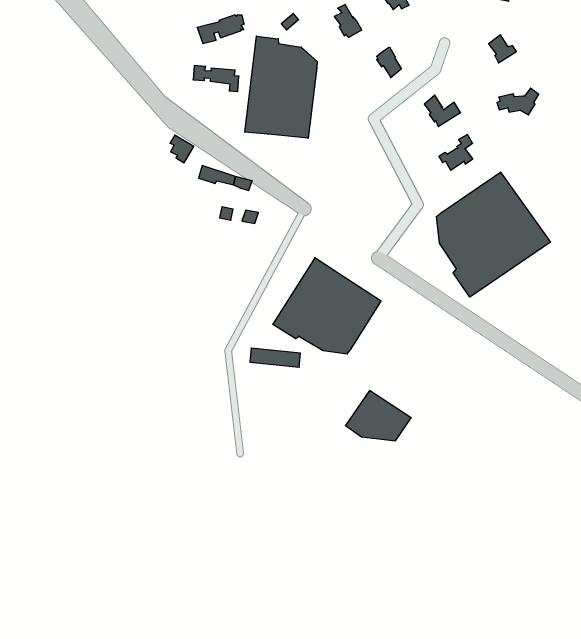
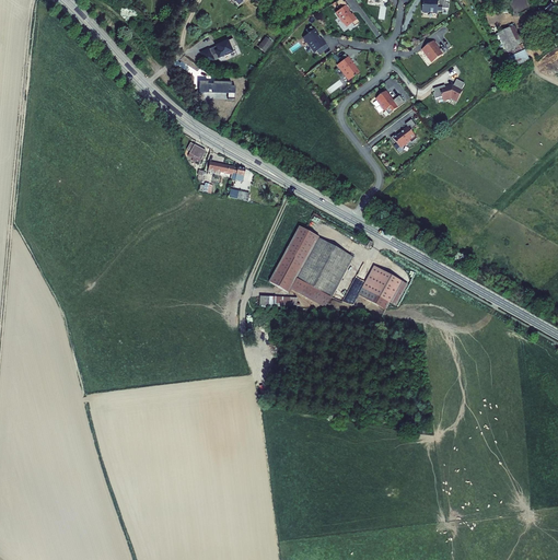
building: [245,36,317,138] -> none
building: [437,172,550,297] -> none
building: [345,391,411,441] -> [358,264,408,301]

